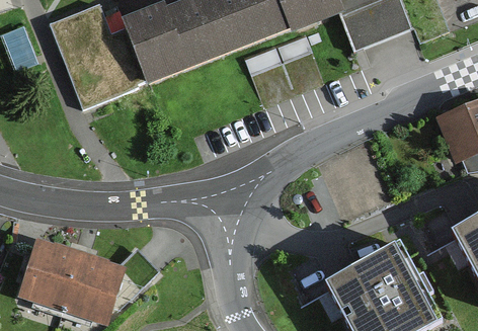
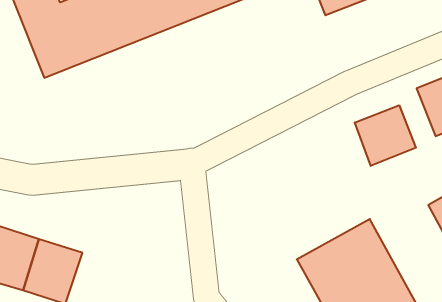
building: none -> [355,105,416,166]

